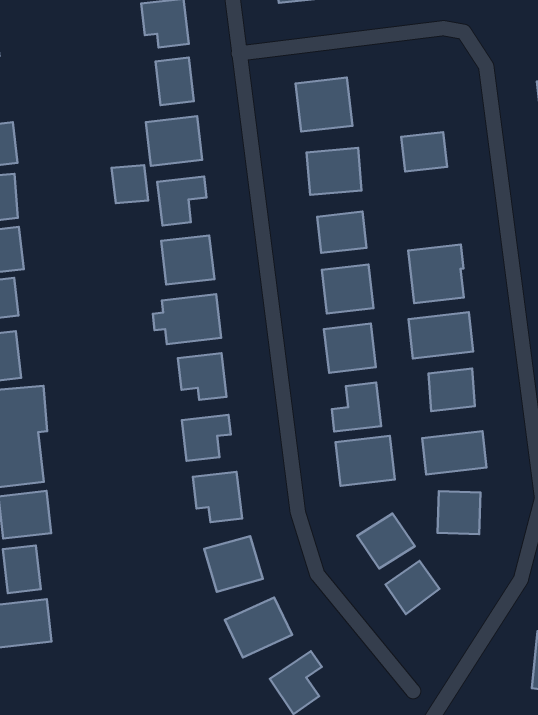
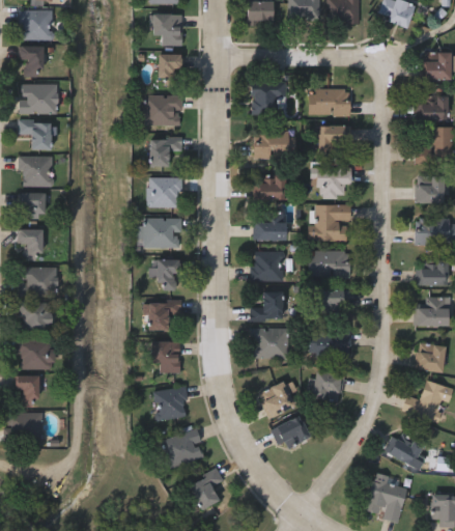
building: none -> [310,90,350,116]
building: [112,165,148,203] -> none
building: none -> [311,168,352,199]

